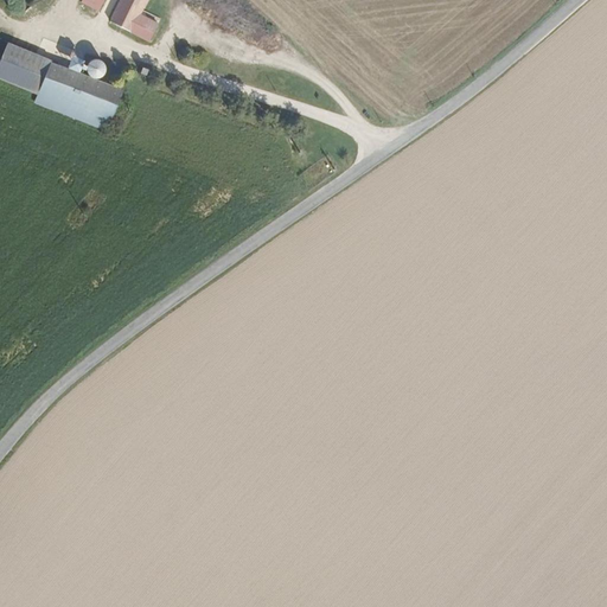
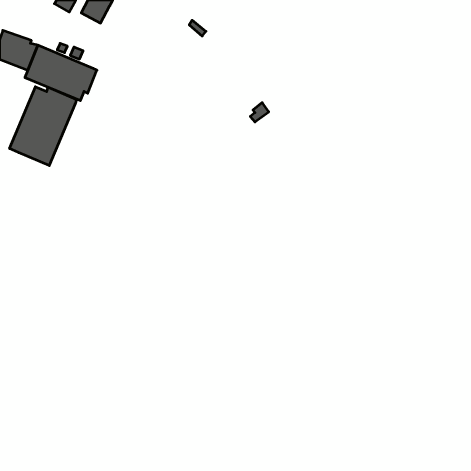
building: [129,8,160,41] -> none
building: none -> [10,87,76,166]

